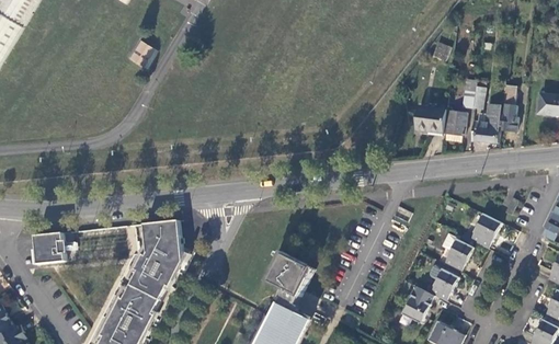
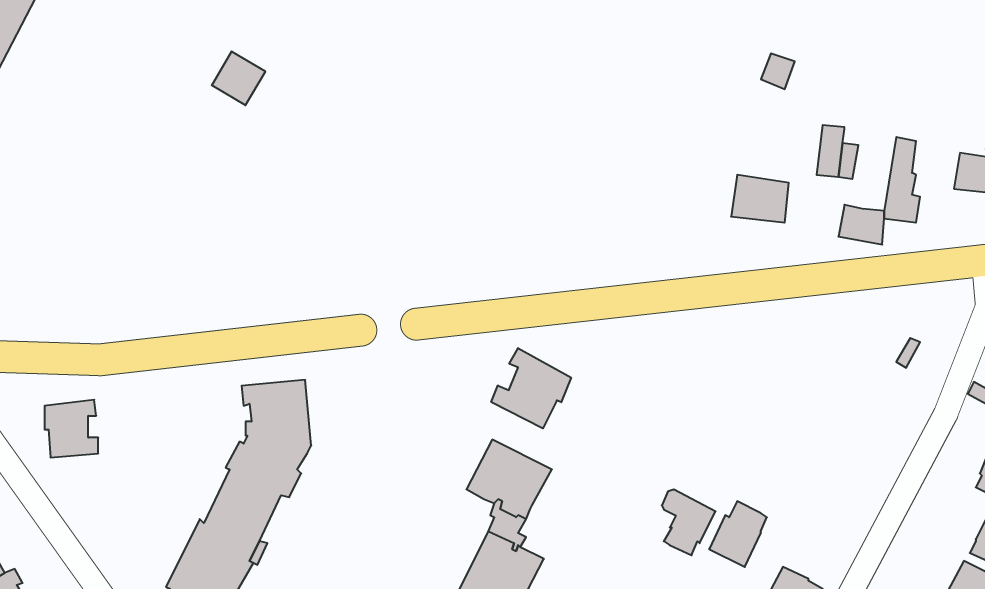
building: [444,111,466,141] -> none
building: none -> [491,348,571,428]
building: [470,211,501,248] -> none
building: [444,238,472,271] -> none
building: [429,264,458,300] -> [662,490,716,555]

